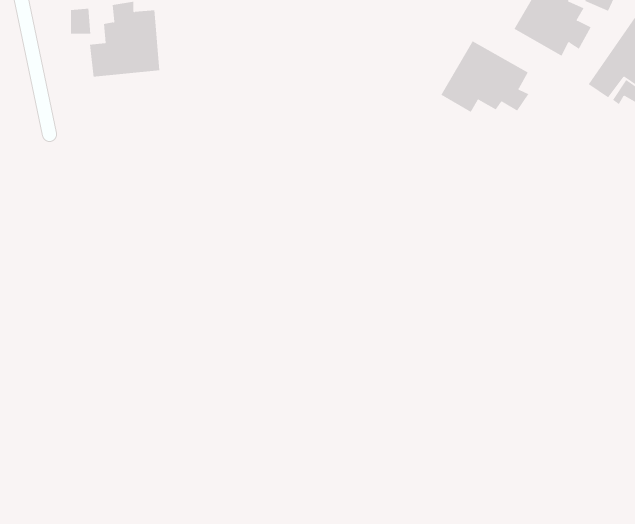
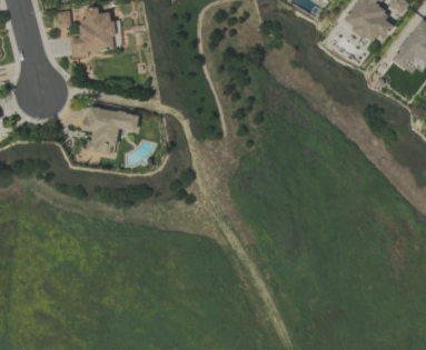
building: [441,41,529,113] -> none
building: none -> [82,107,139,156]

